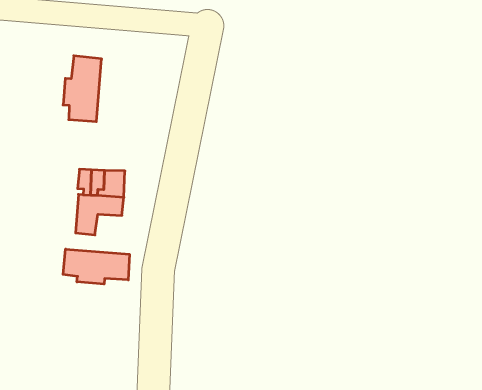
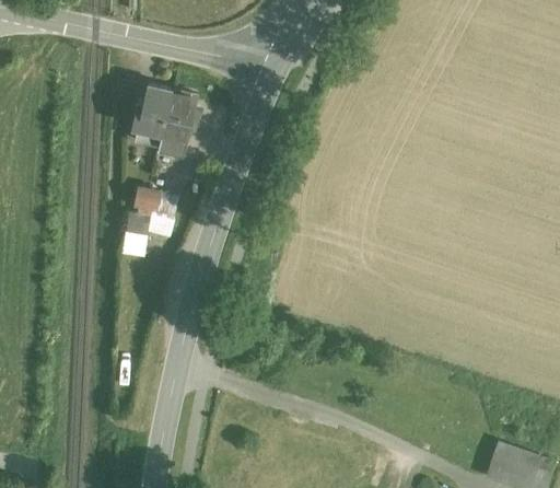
building: none -> [159,89,200,155]
building: [63,249,129,284] -> none

